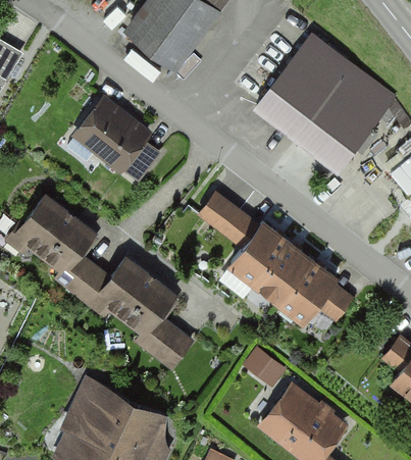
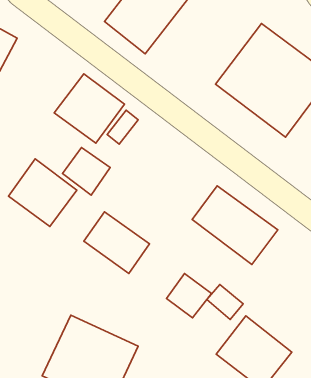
building: [198,194,250,245] -> none
building: [56,253,112,309] -> [62,148,110,195]
building: [317,285,356,324] -> none
building: [143,318,196,370] -> [166,273,211,318]

